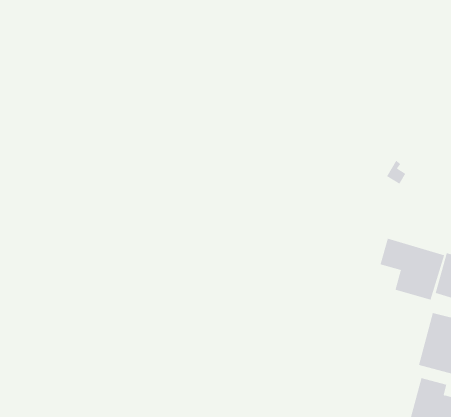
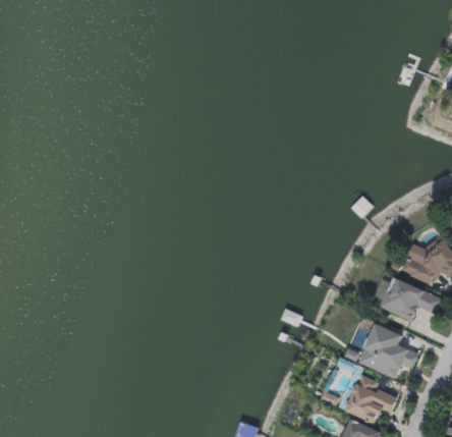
building: [380,238,445,300] -> none

